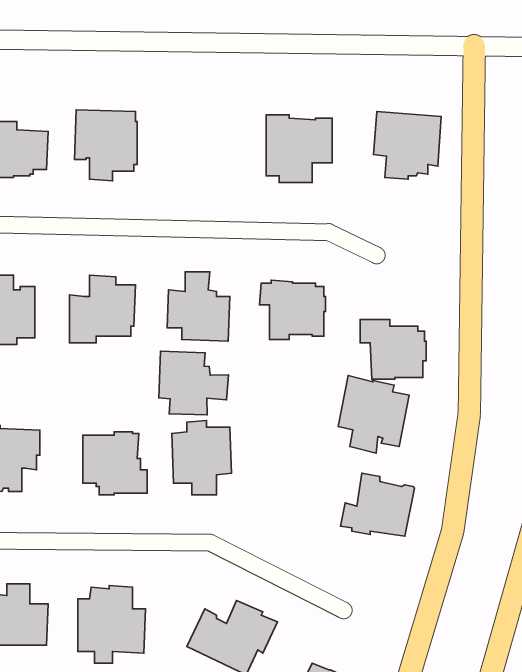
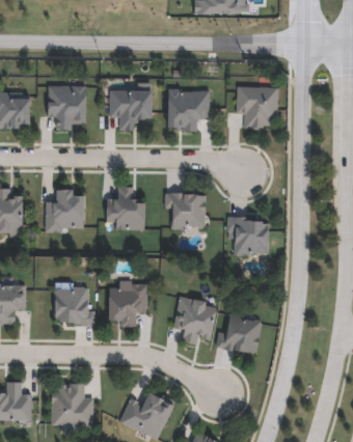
building: none -> [109,90,154,130]
building: [159,351,228,415] -> none
building: [338,375,409,453] -> [172,296,217,344]

